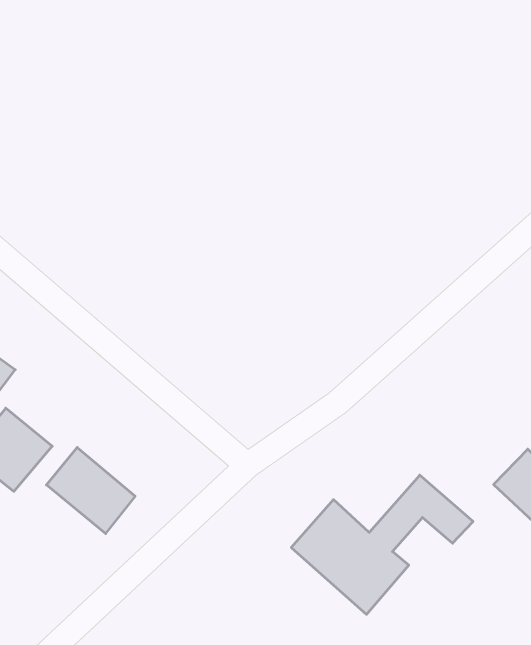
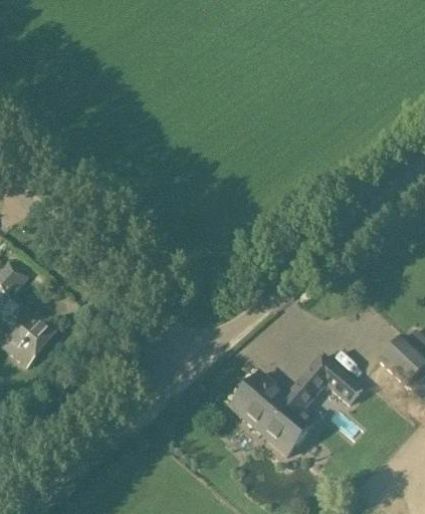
building: [46,447,135,534] -> none

